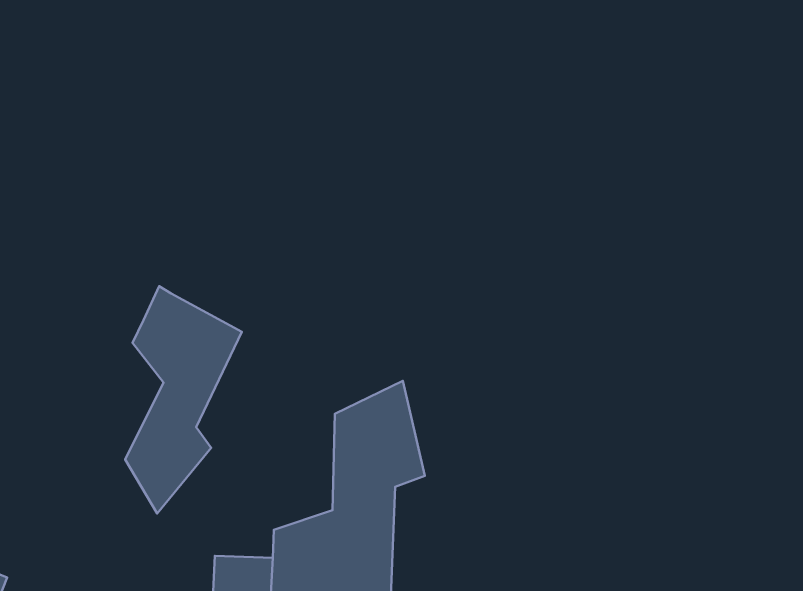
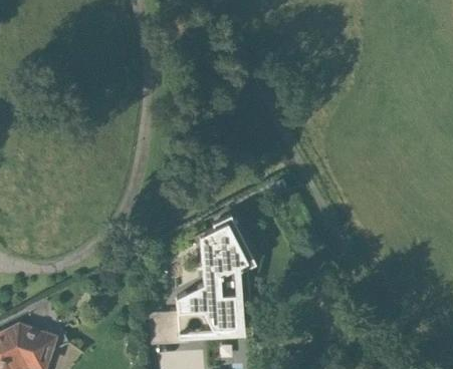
building: [125,286,242,513] -> none

